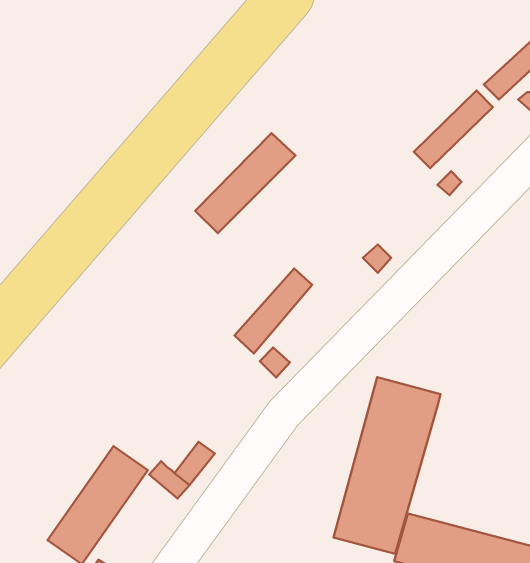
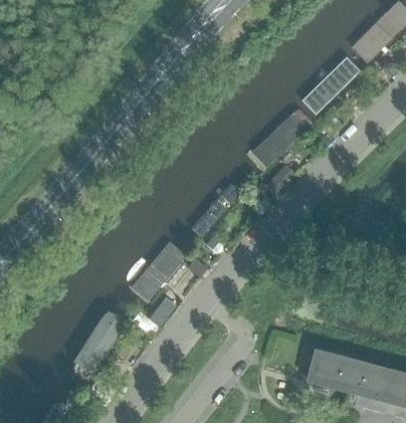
building: [195,133,295,233] -> [246,104,314,172]
building: none -> [128,239,185,301]
building: [334,377,440,554] -> none

